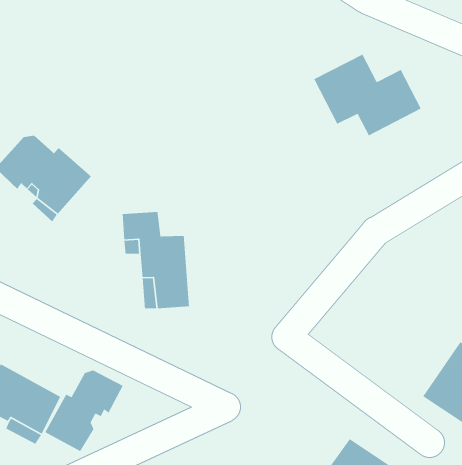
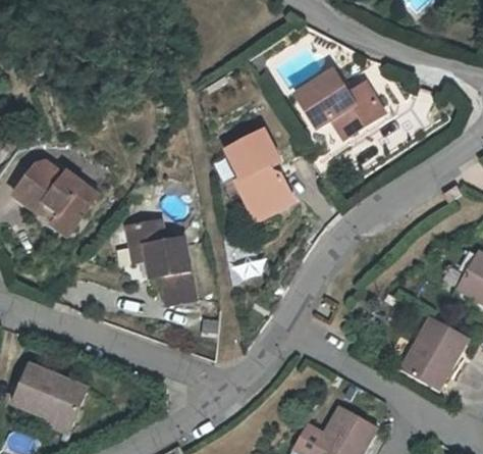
building: none -> [219,128,292,224]
building: [44,370,124,452] -> none

